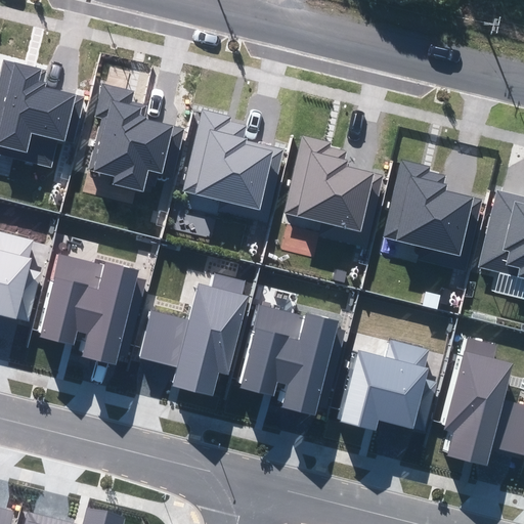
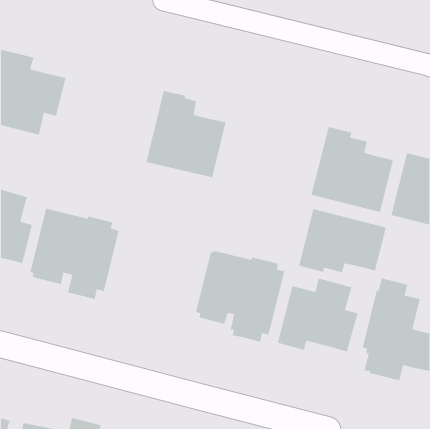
building: [88,83,181,190] -> none
building: [275,135,377,244] -> none
building: none -> [298,208,387,273]
building: [141,273,249,396] -> none

